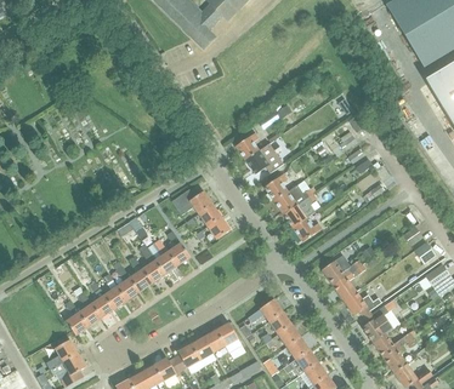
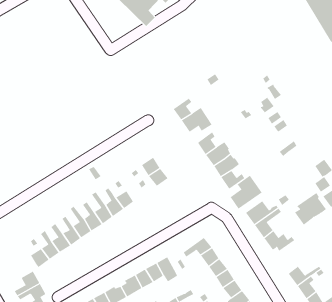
building: [171,189,212,216] -> none
building: none -> [230,175,263,210]
building: [362,303,401,343] -> [294,192,327,226]

